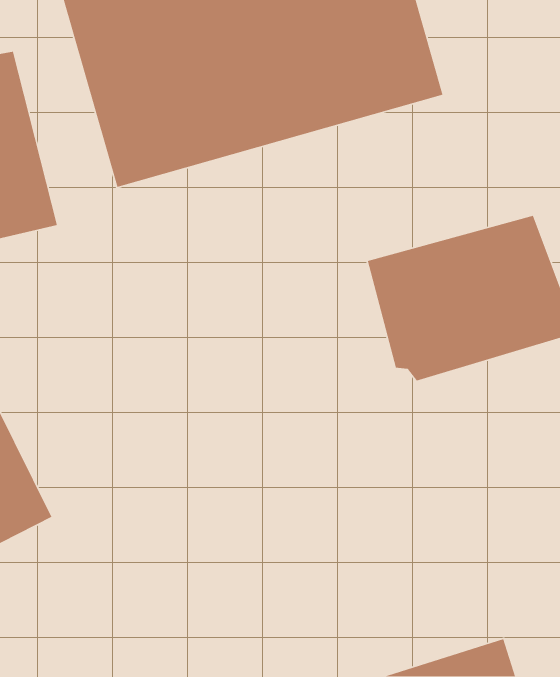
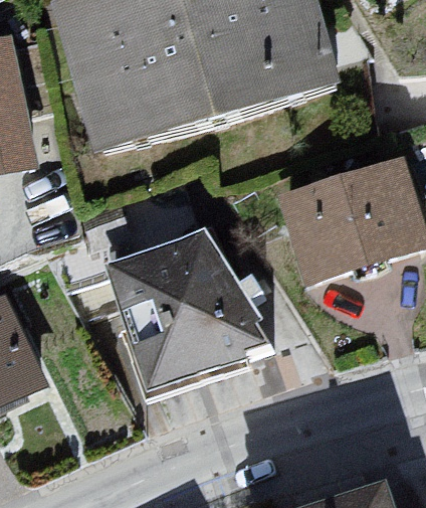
building: none -> [104,235,274,391]

